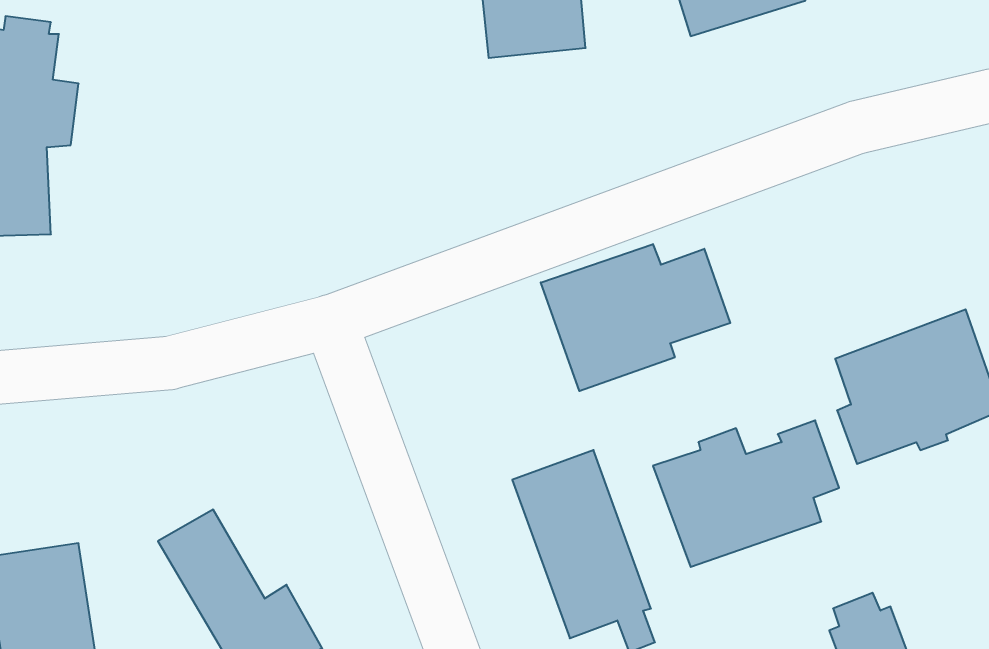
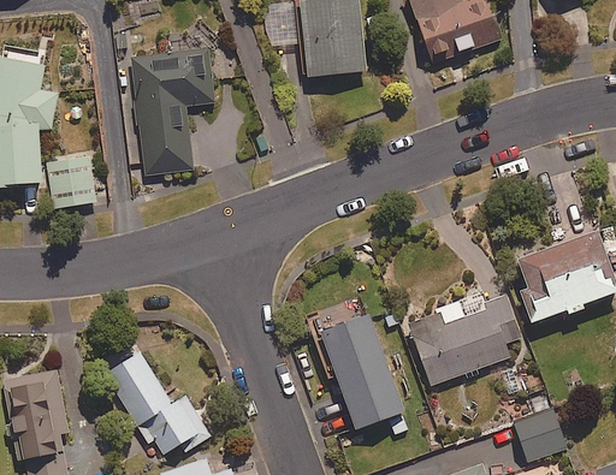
building: none -> [125,49,213,173]
building: none -> [53,155,94,208]
building: [541,244,730,391] -> none

